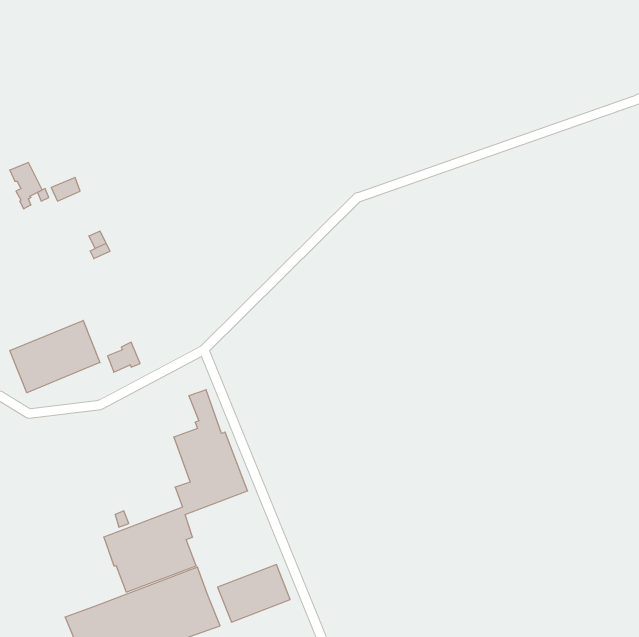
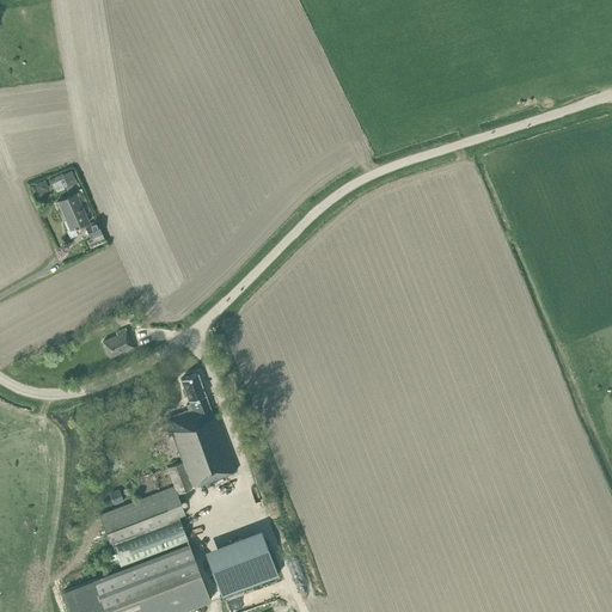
building: [10,163,42,209] -> [57,195,88,239]
building: [10,320,100,393] -> none

